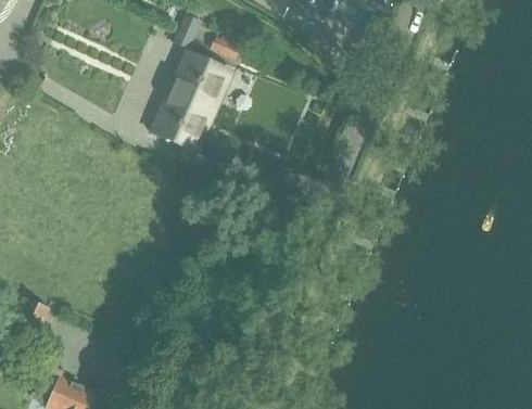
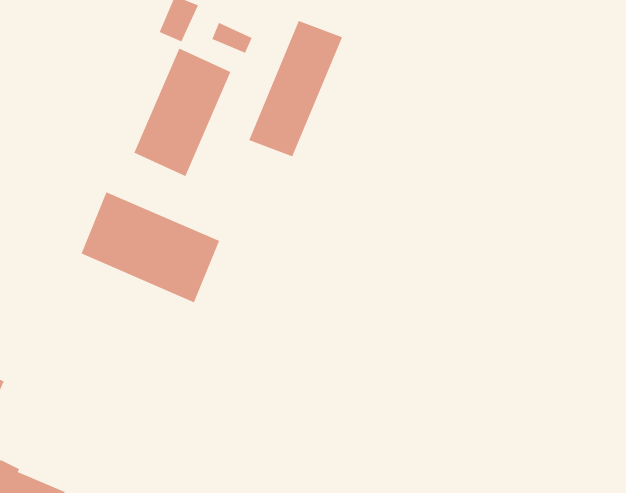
building: none -> [248,20,343,157]
building: none -> [81,191,220,303]

